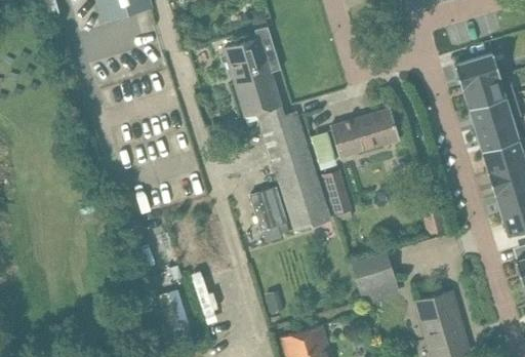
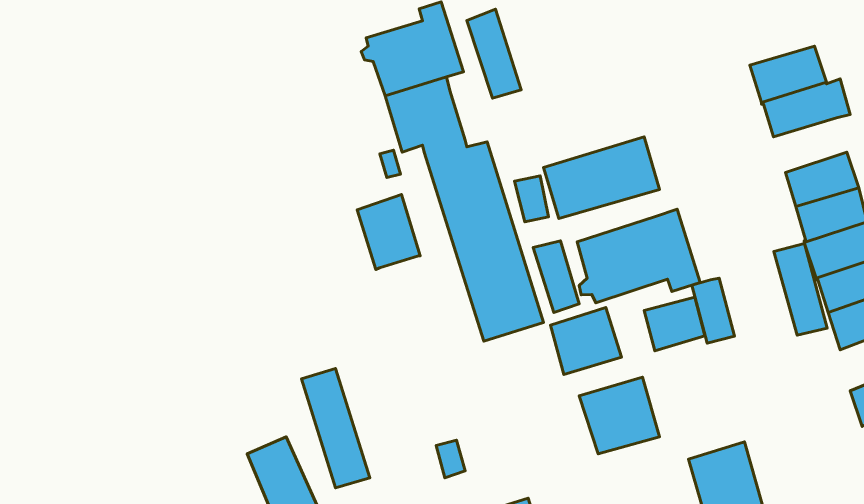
building: none -> [467,9,521,98]
building: [469,96,513,129] -> none
building: none -> [577,209,700,303]
building: none -> [774,244,827,335]
building: [249,186,287,231] -> [357,194,420,269]
building: none -> [644,297,705,351]
building: none -> [550,307,622,375]

